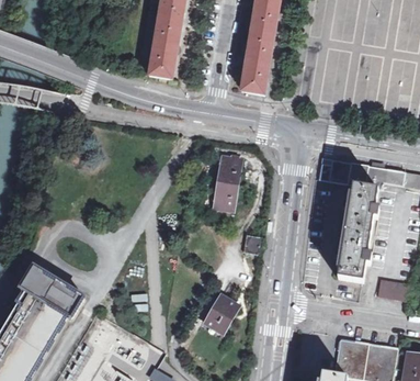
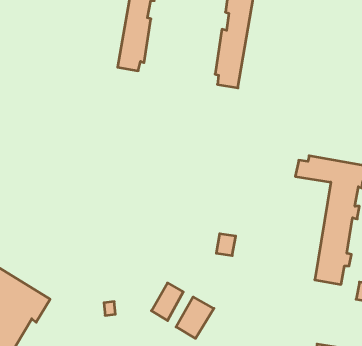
building: [214,154,240,210] -> none
building: none -> [151,283,183,321]

